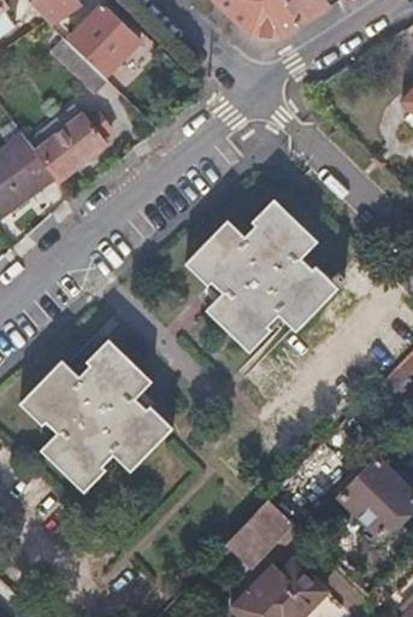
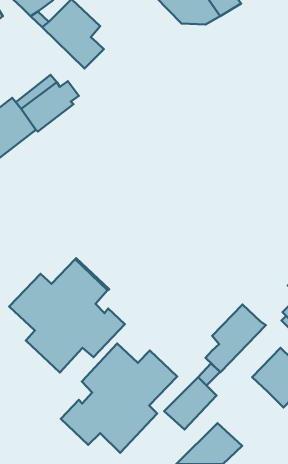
building: [187,201,338,354] -> none
building: none -> [205,305,266,372]
building: none -> [61,344,177,453]

